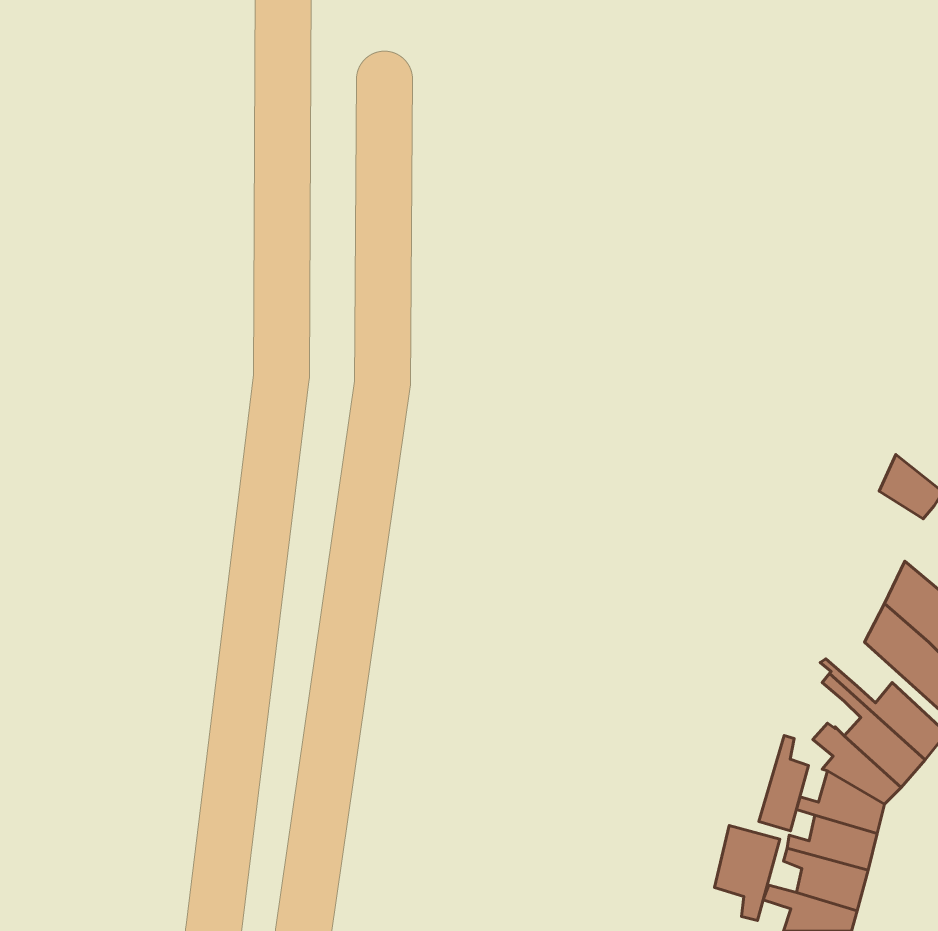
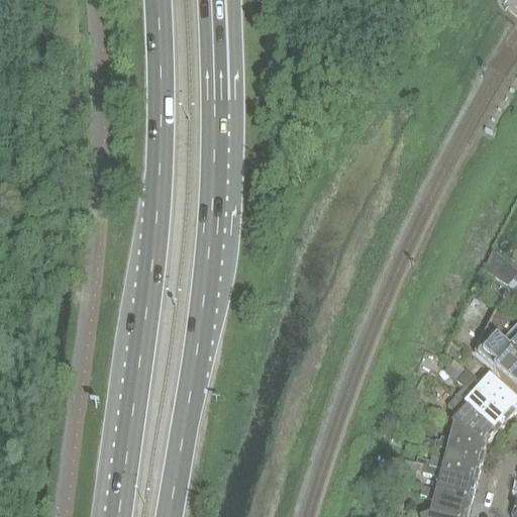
building: [759,736,808,831] -> none
building: [715,826,780,921] -> none

